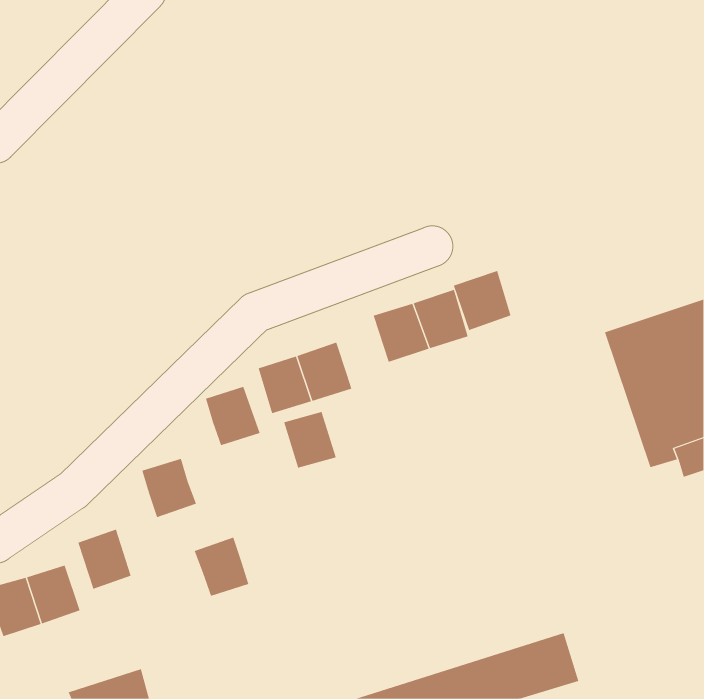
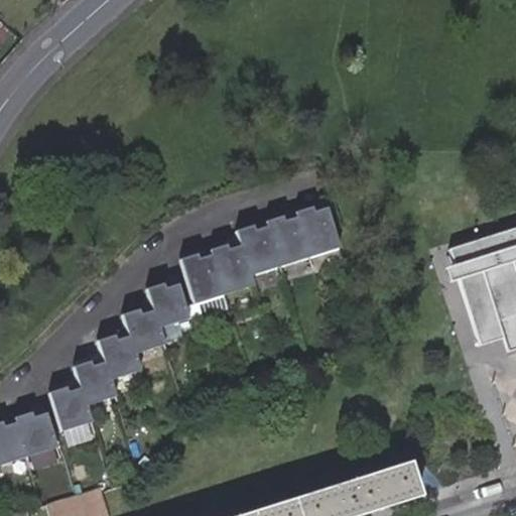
building: [453,270,511,331] -> none
building: none -> [242,230,282,273]
building: [283,411,336,468] -> none
building: none -> [126,307,166,351]
building: [194,537,249,596] -> [79,359,119,402]

